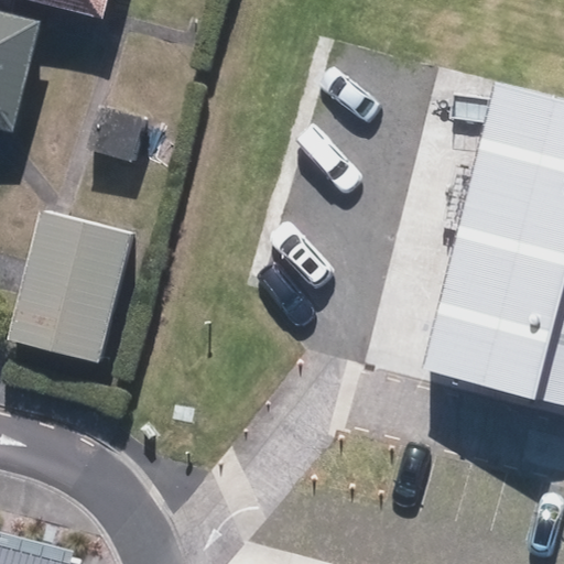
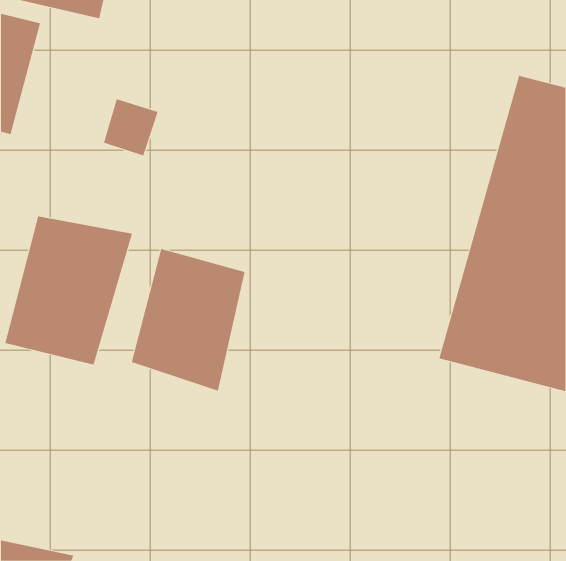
building: none -> [131,248,245,391]

